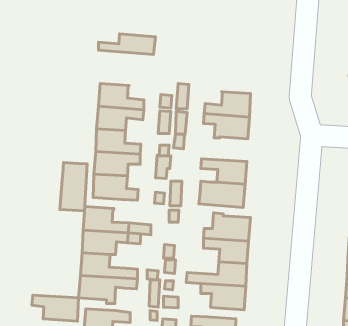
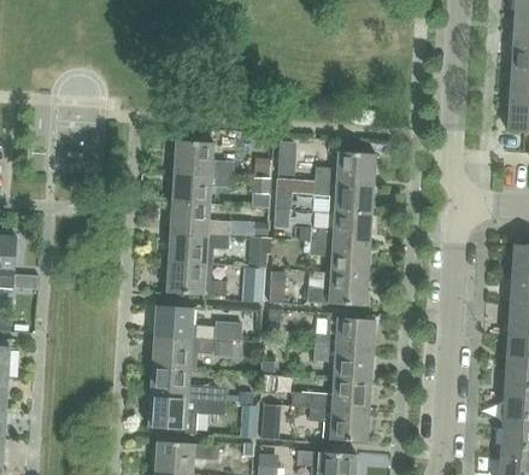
building: [98,34,156,55] -> none
building: none -> [298,212,372,245]
building: [60,163,87,211] -> none
building: [32,295,79,321] -> none

